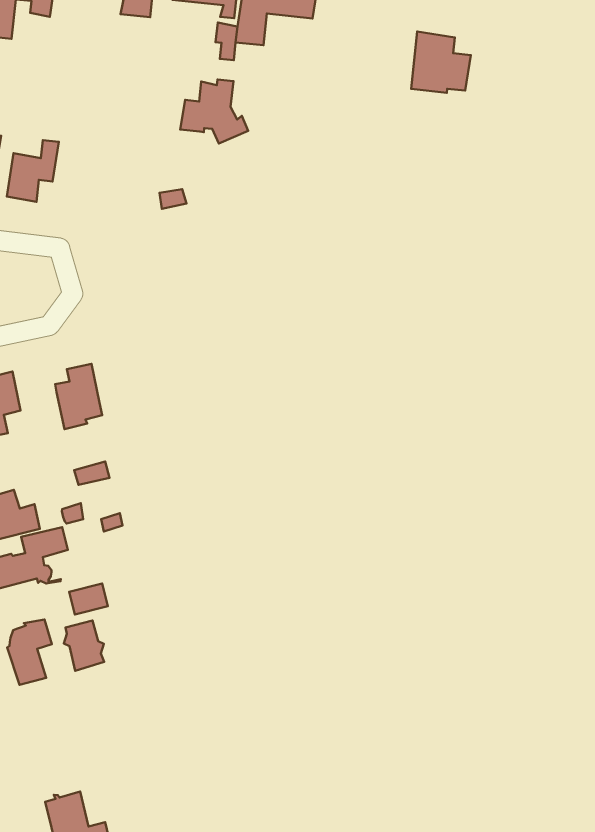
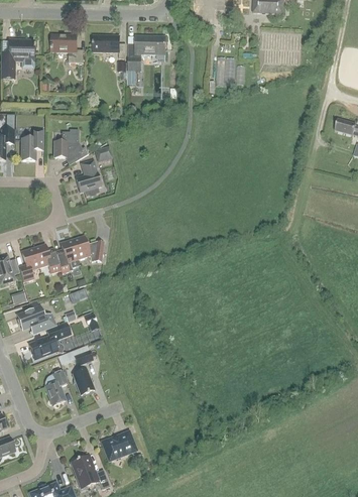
building: [180,79,248,144] -> [53,129,88,161]
building: none -> [76,159,101,197]
building: none -> [72,235,103,261]
building: none -> [32,244,59,272]
building: none -> [102,430,135,459]

